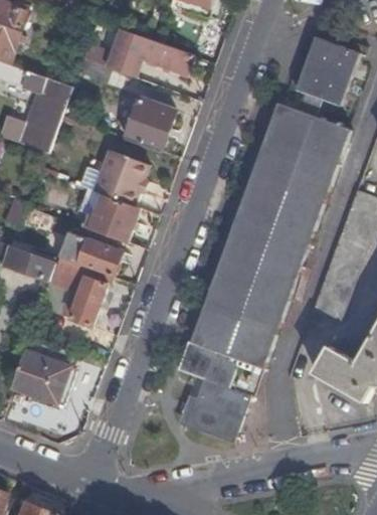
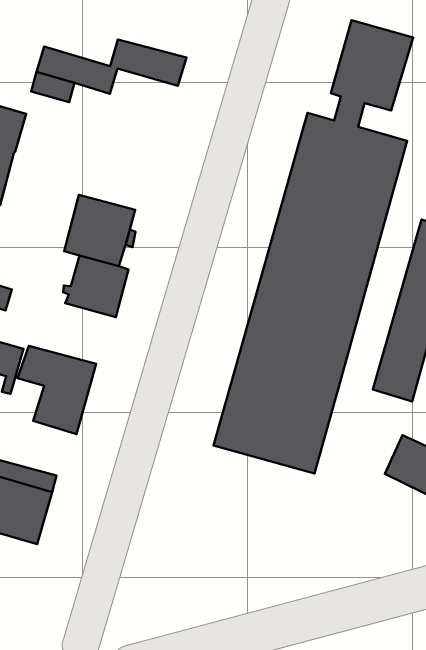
building: [123,98,173,151] -> none
building: [58,232,121,276] -> none
building: [178,341,261,443] -> none

